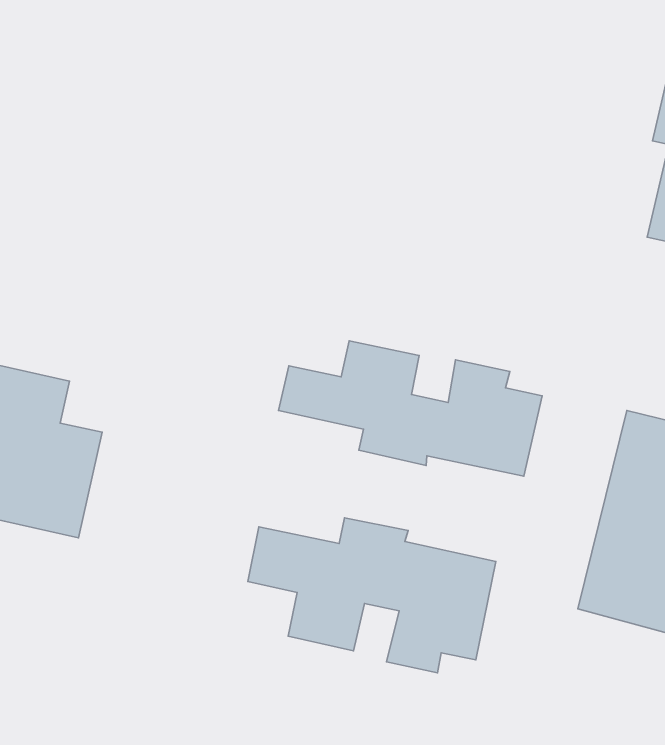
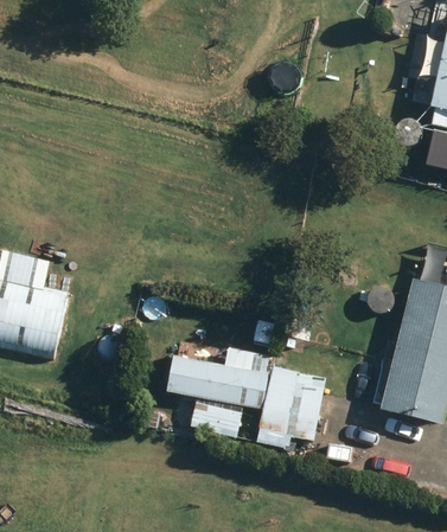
building: [278,341,542,476] -> none

